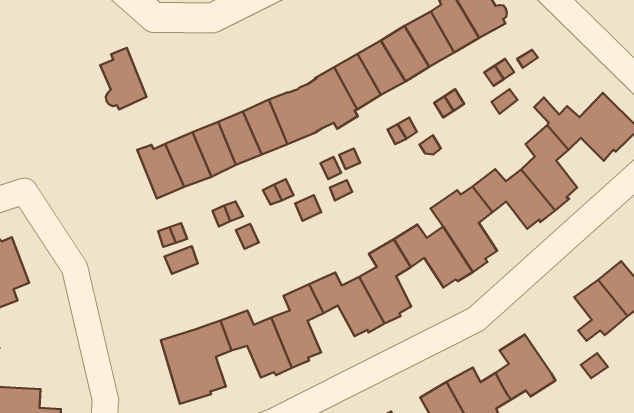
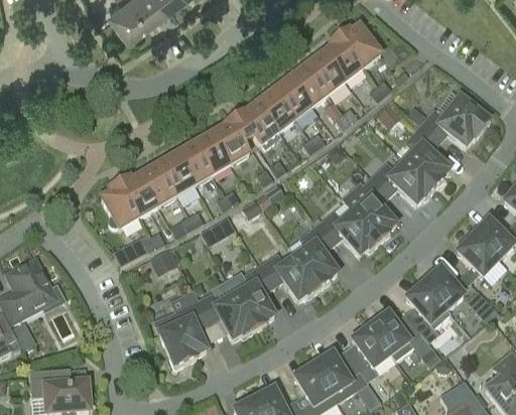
building: [100,48,147,110] -> [101,182,138,229]
building: none -> [423,268,470,309]

